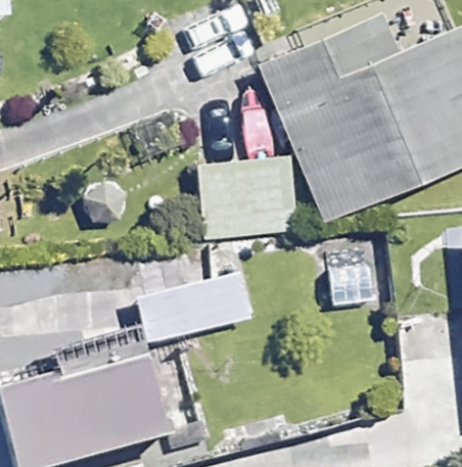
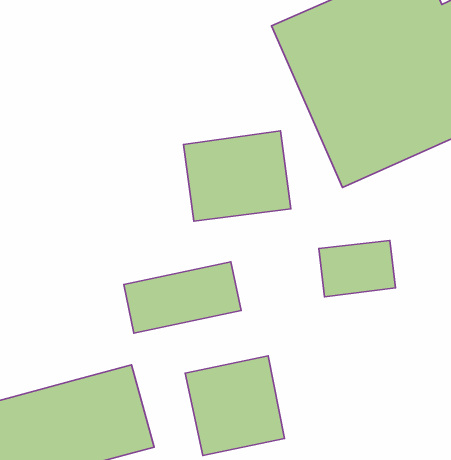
building: none -> [185,356,285,455]

